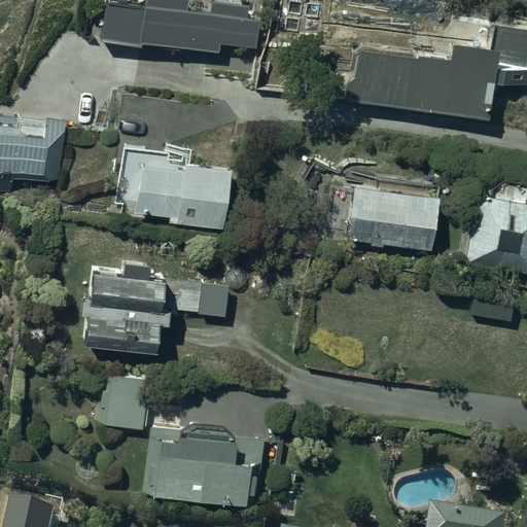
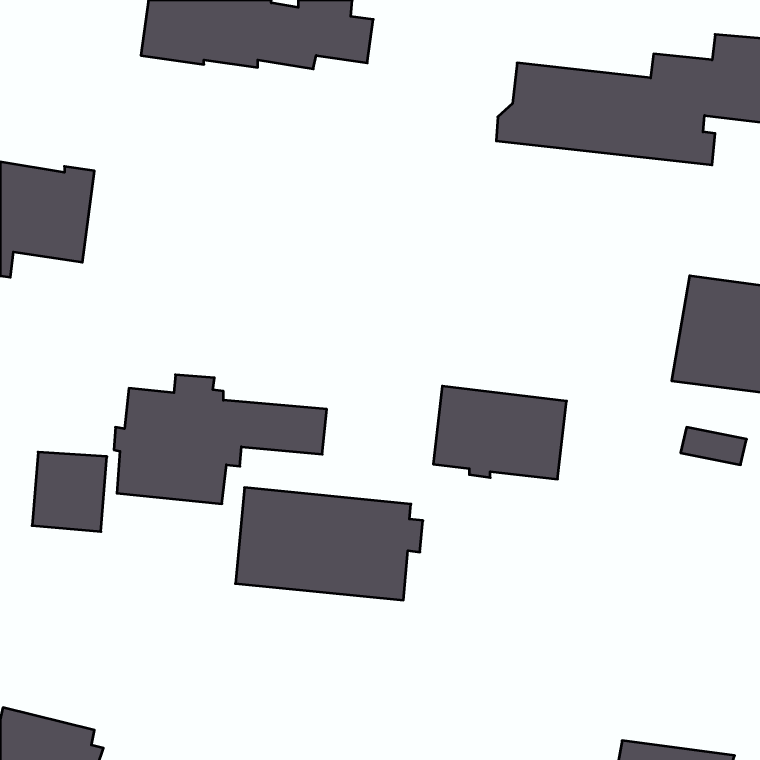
building: [116,145,232,233] -> none
building: [348,186,440,250] -> [433,386,567,479]
building: [98,374,149,428] -> [32,452,107,532]
building: [144,427,273,504] -> [235,488,423,600]

